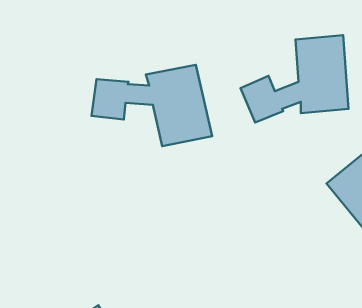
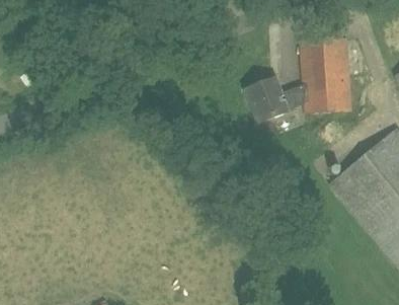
building: [91,65,212,146] -> none

